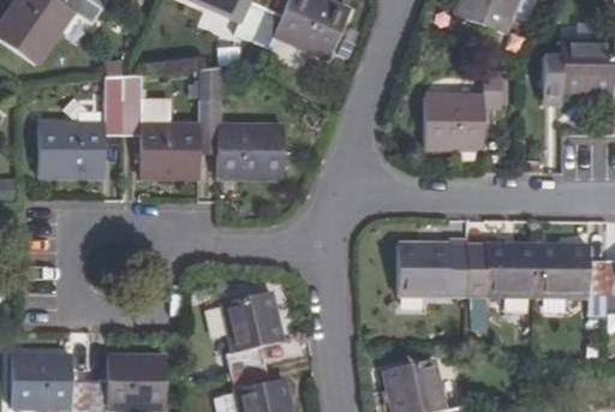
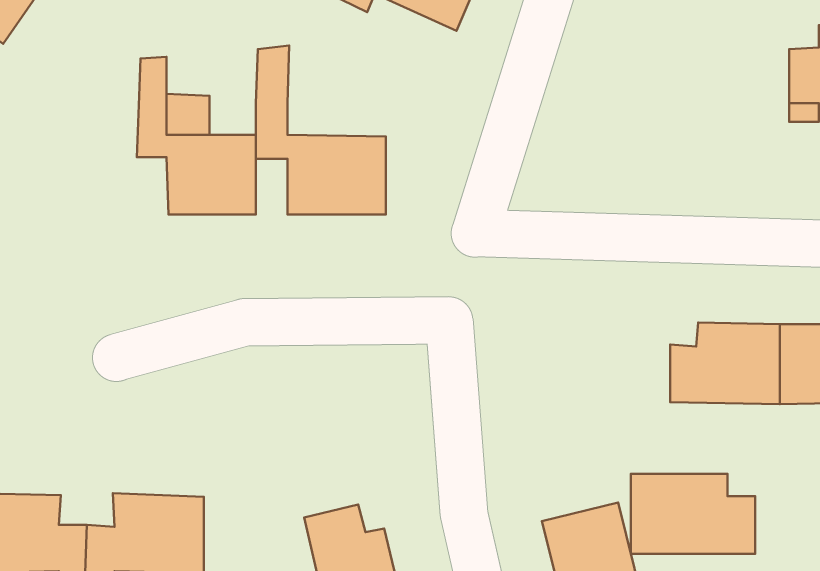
building: [431,82,502,148] -> none
building: [40,102,124,174] -> none
building: [387,245,467,297] -> [631,474,755,554]
building: [214,293,274,371] -> none

